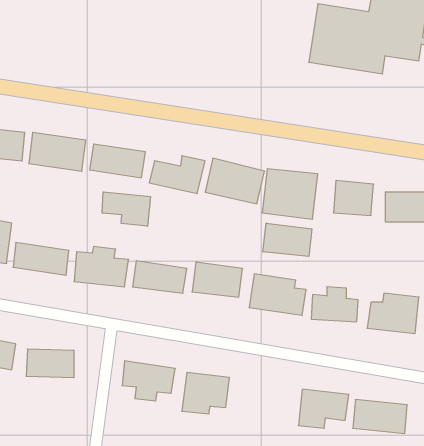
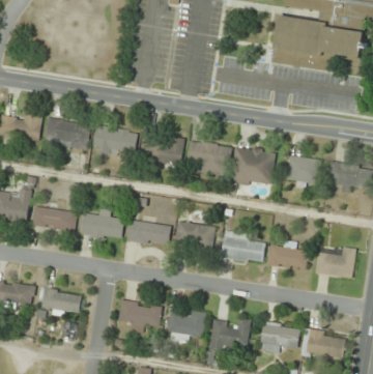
building: [102,192,150,226] -> none
building: [263,223,312,256] -> none
building: none -> [210,319,249,348]

